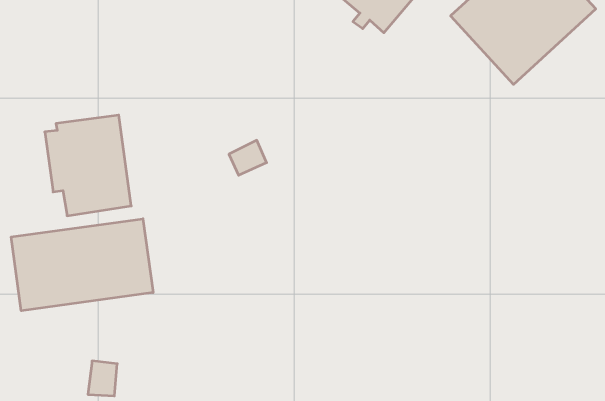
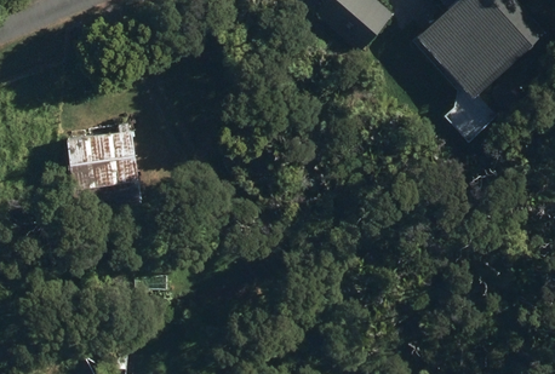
building: [11,219,153,311] -> none

